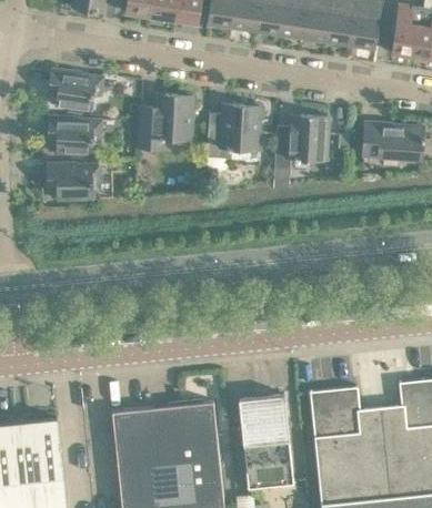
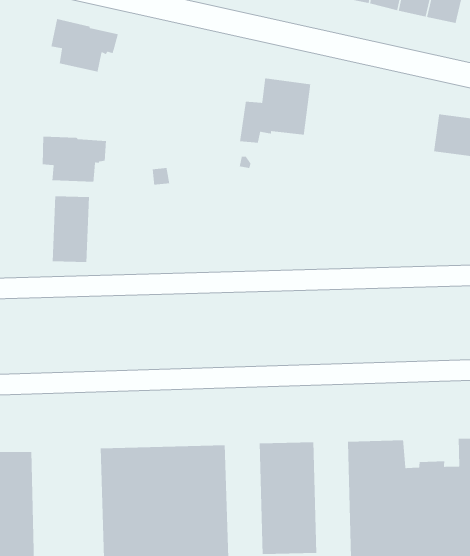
building: [139,94,193,148] -> none
building: [274,115,329,169] -> none
building: [49,116,101,154] -> none
building: none -> [52,195,90,263]

